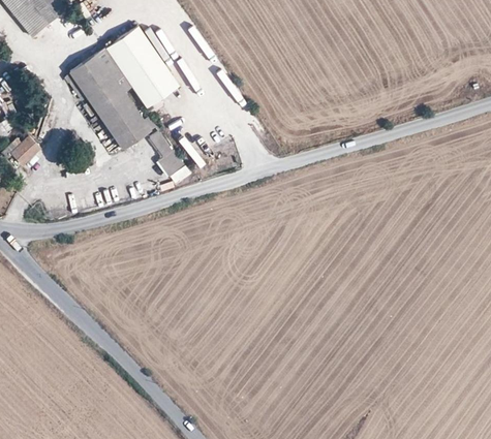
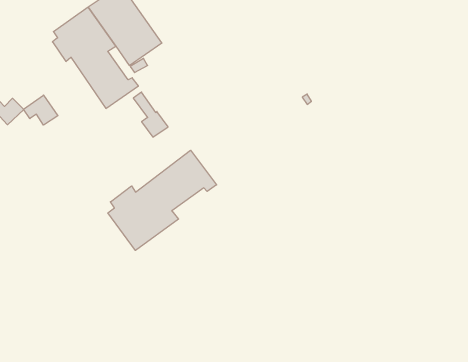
building: none -> [24,95,58,125]
building: none -> [108,150,217,250]

